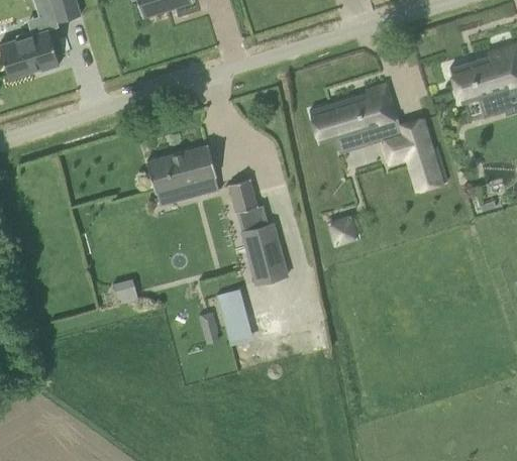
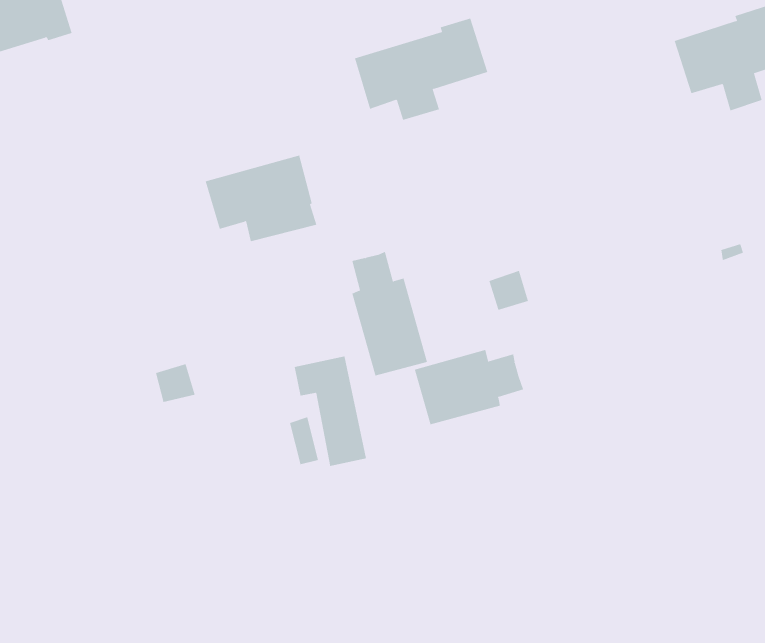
building: [310,85,397,151] -> [354,18,488,121]
building: [381,119,447,192] -> none
building: [228,180,257,213] -> none
building: none -> [414,349,524,425]

